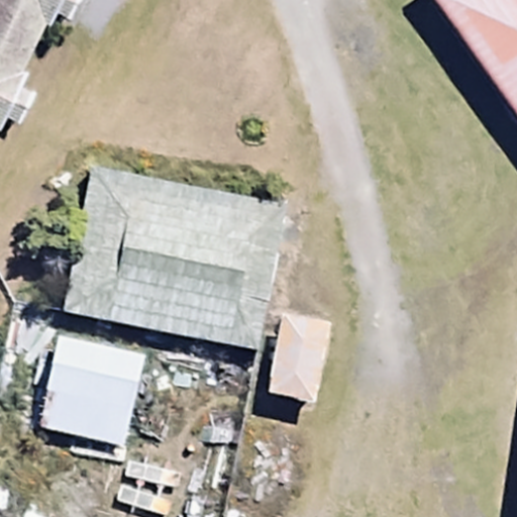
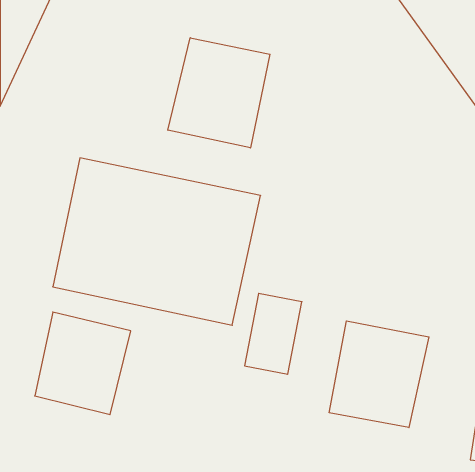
building: none -> [168,38,270,148]
building: none -> [329,321,429,428]

